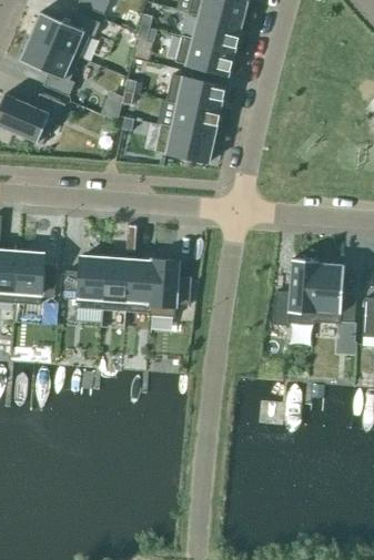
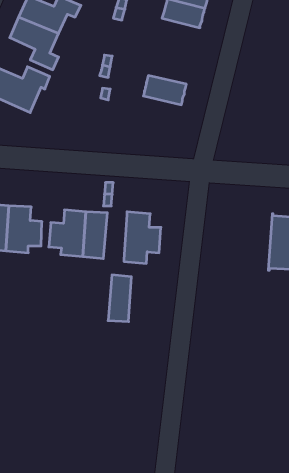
building: [175,34,235,74] -> none
building: [165,73,225,112] -> none
building: [155,123,214,161] -> none
building: [273,257,317,325] -> none
building: [125,258,152,312] -> [108,275,131,322]

